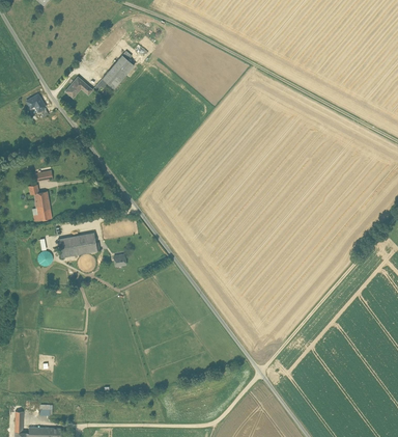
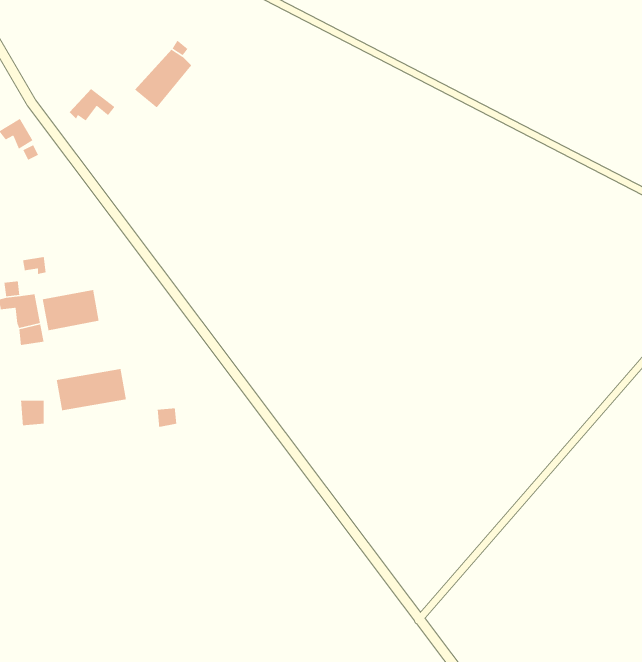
building: none -> [42,289,100,331]

